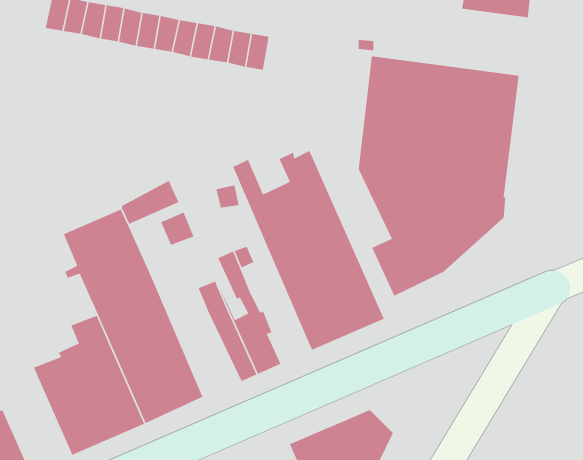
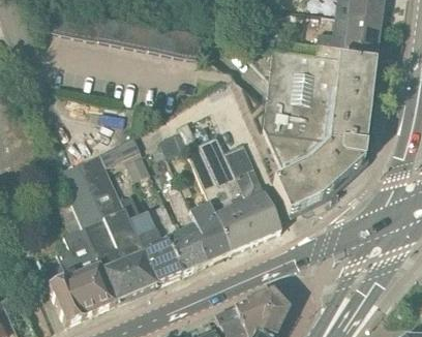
building: none -> [318,14,382,49]
building: none -> [121,192,183,282]
building: none -> [189,200,232,259]

